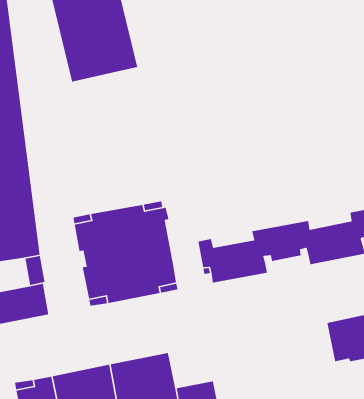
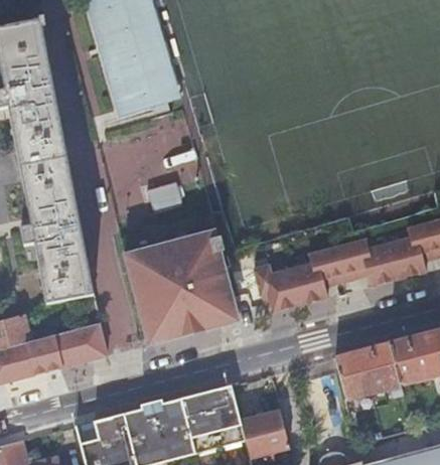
building: none -> [336,343,406,399]

